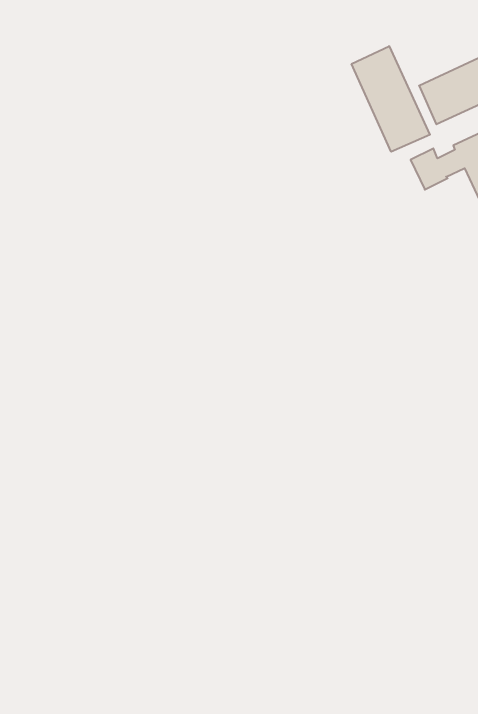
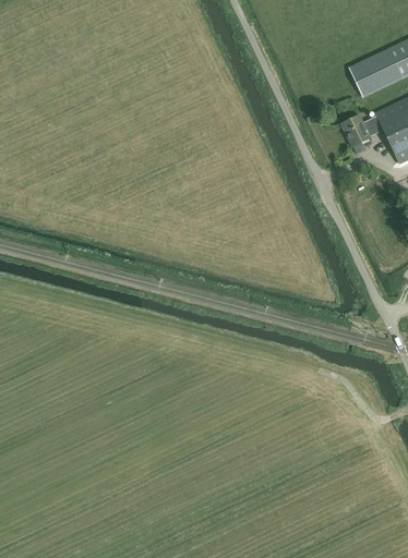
building: [352,46,430,152] -> none

